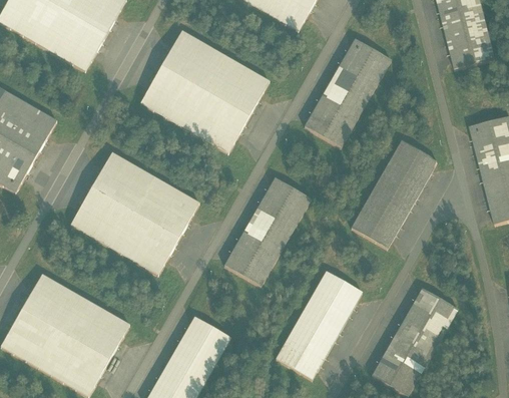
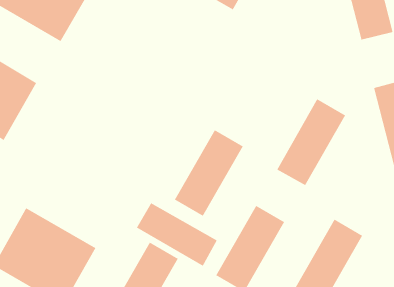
building: [140,30,270,152] -> none
building: [305,38,391,146] -> none
building: [70,152,199,274] -> none
building: none -> [136,202,218,267]

